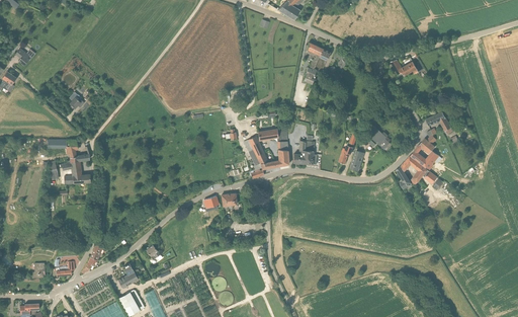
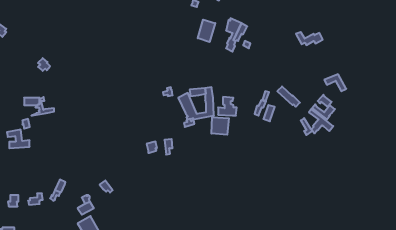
building: none -> [198,20,215,42]
building: [62,160,90,183] -> [7,130,30,148]
building: none -> [211,117,229,135]

